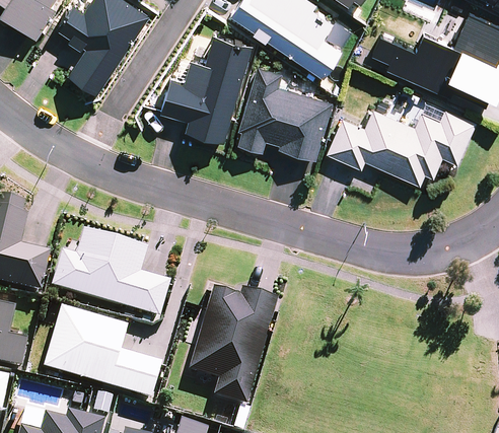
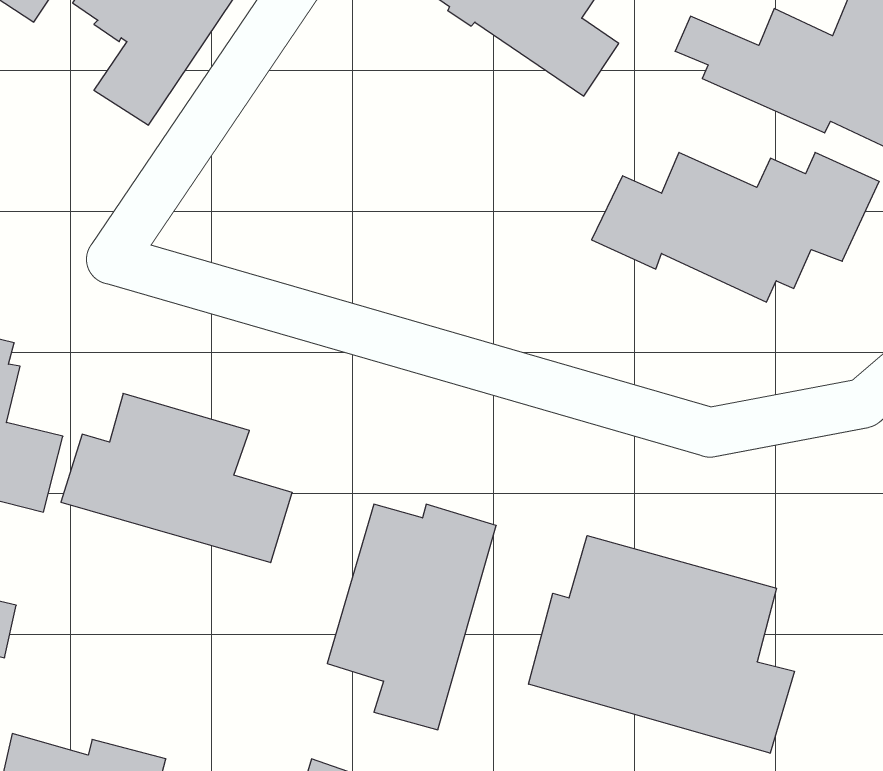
building: [159,31,251,139] -> none
building: [237,63,332,157] -> none
building: none -> [529,536,794,753]
building: [42,307,161,401] -> none

